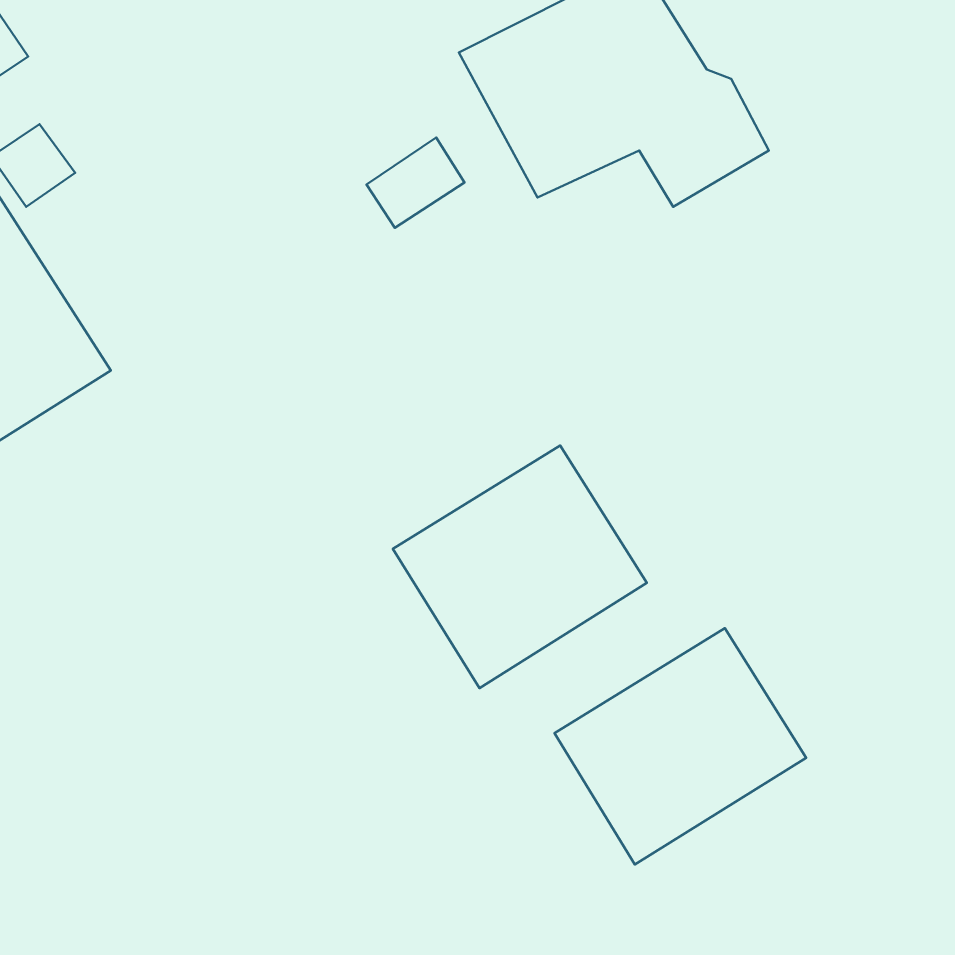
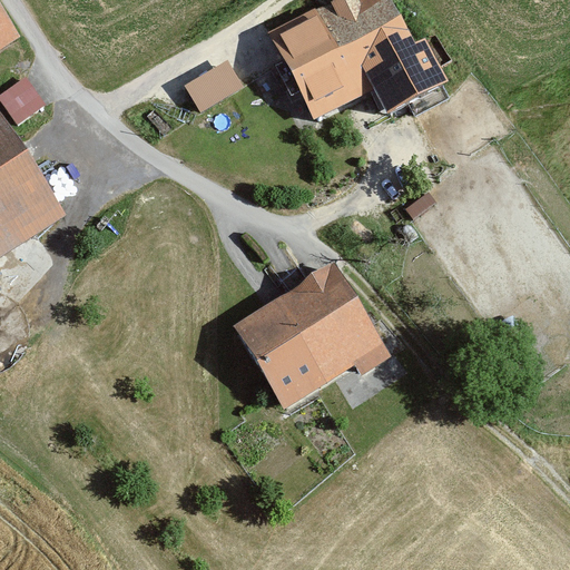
building: [367,137,464,228] -> [183,57,240,110]
building: [555,628,806,865] -> none

